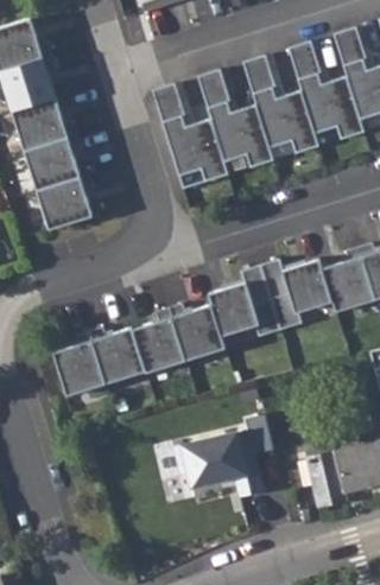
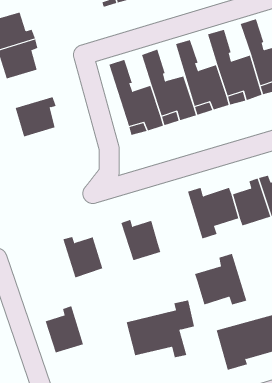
building: [12,97,76,150] -> none
building: [36,173,94,229] -> none
building: [208,265,280,336] -> [194,253,247,305]
building: [132,307,185,373] -> none
building: [52,330,106,395] -> [45,306,84,353]

